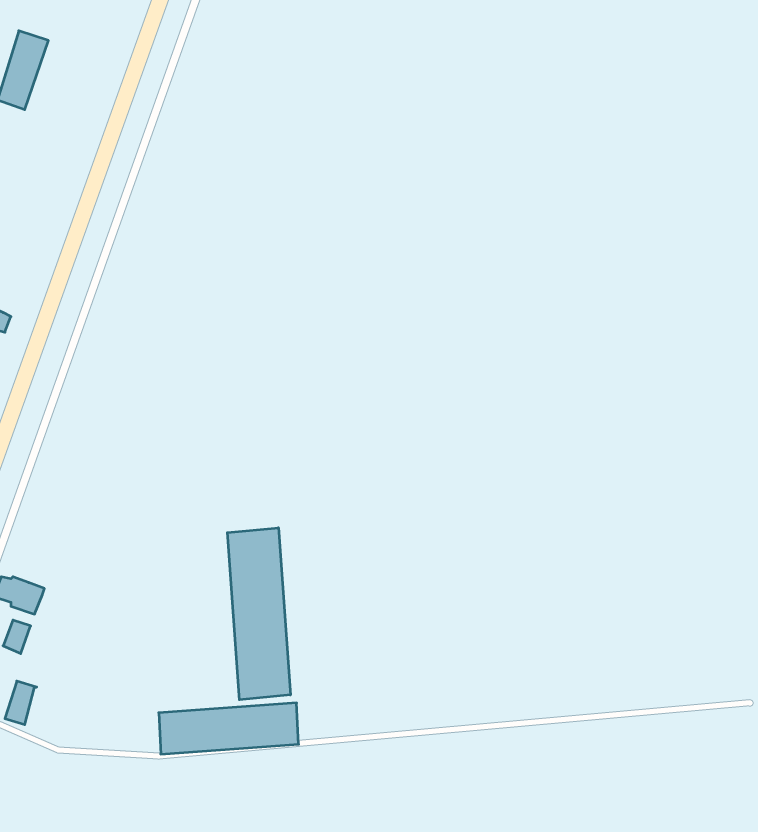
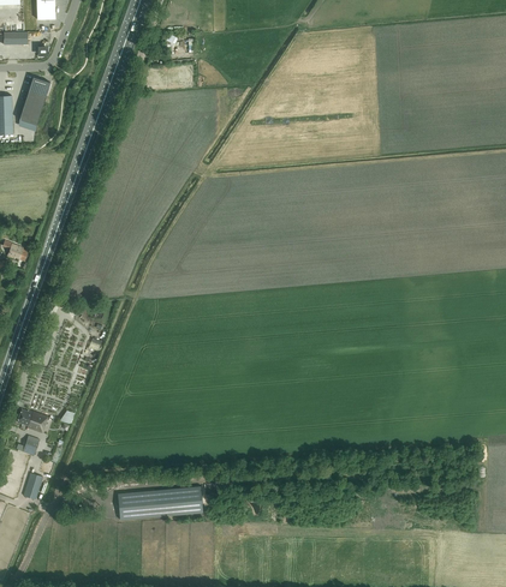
building: [227,528,290,700] -> none

